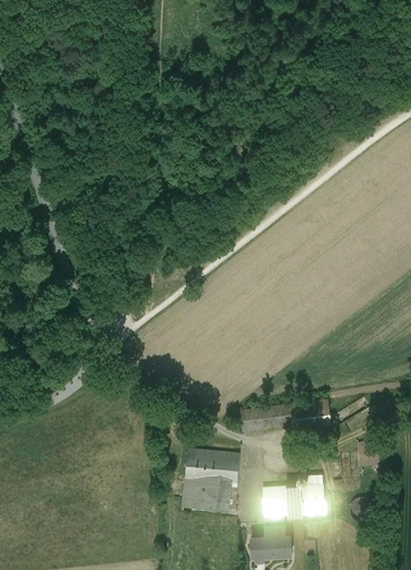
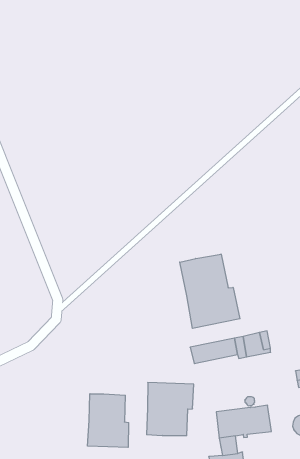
building: none -> [180,254,240,328]
building: none -> [88,394,129,447]

